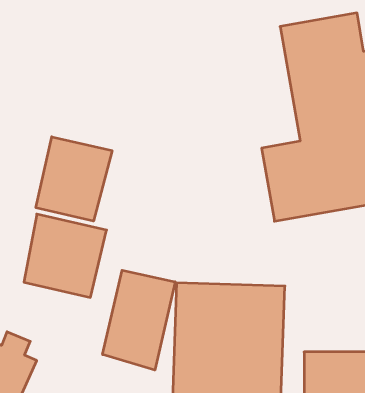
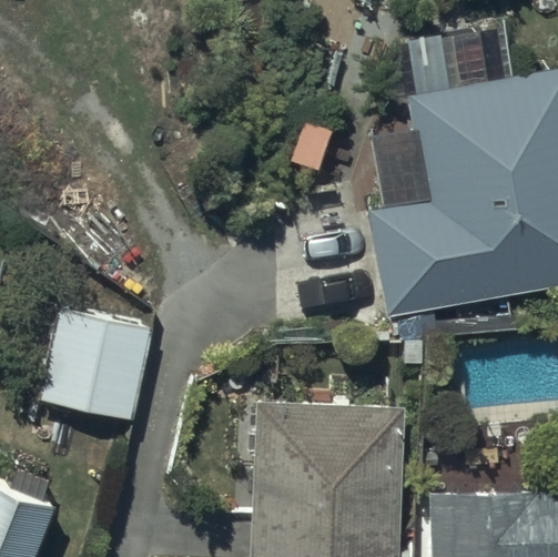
building: [36,137,112,221] -> none
building: [103,270,175,370] -> none

